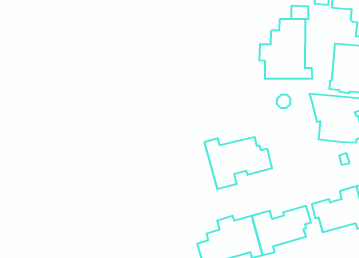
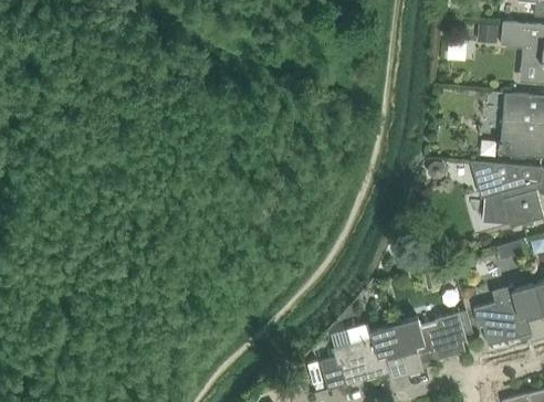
building: [259,19,312,79] -> none
building: [205,137,272,189] -> none

